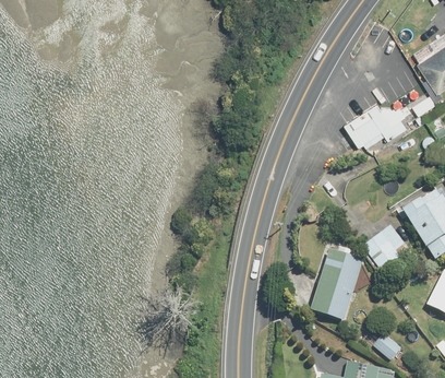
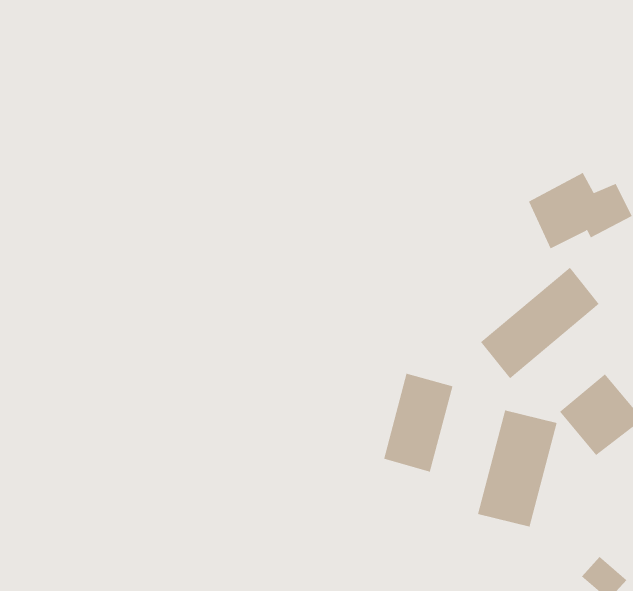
building: none -> [480,267,599,379]
building: none -> [383,373,453,473]

